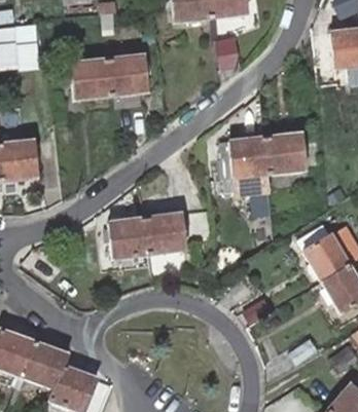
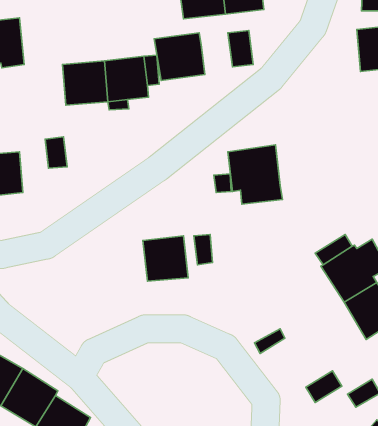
building: none -> [154,33,205,80]
building: [260,133,301,172] -> none
building: [106,220,147,260] -> none

